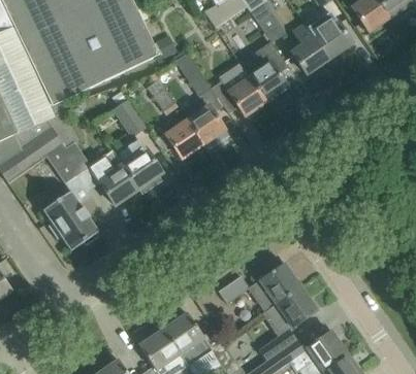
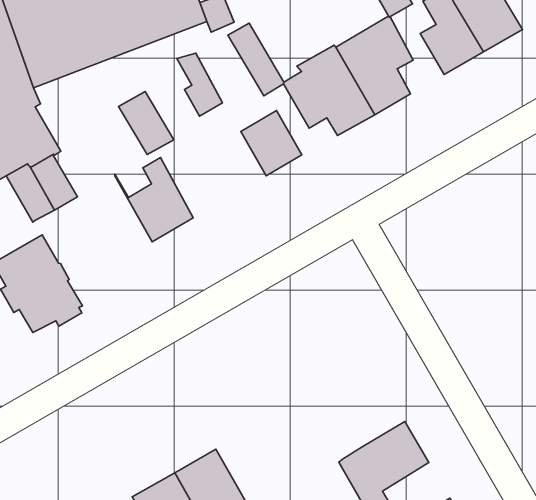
building: [165,118,204,159] -> none
building: [92,151,138,205] -> none
building: [218,263,300,312] -> none

